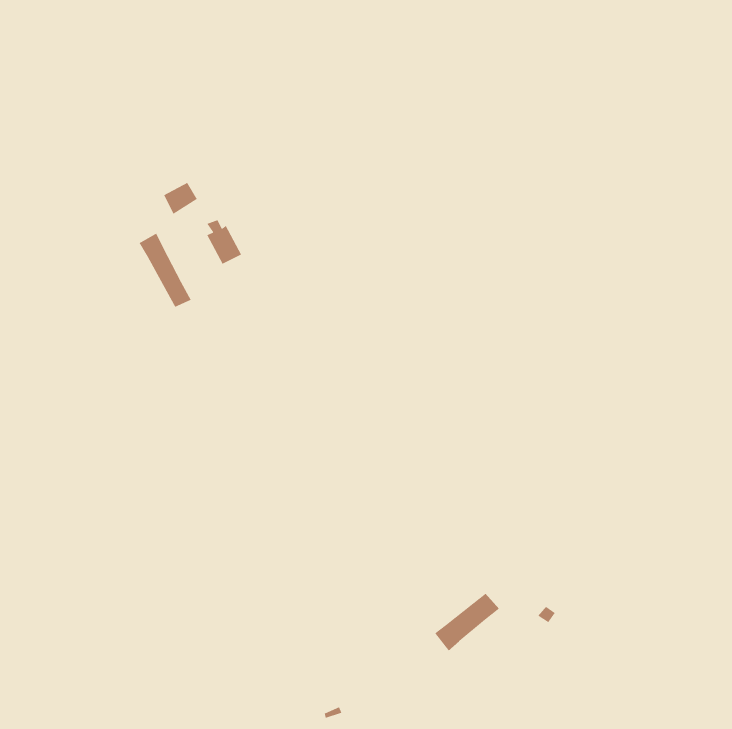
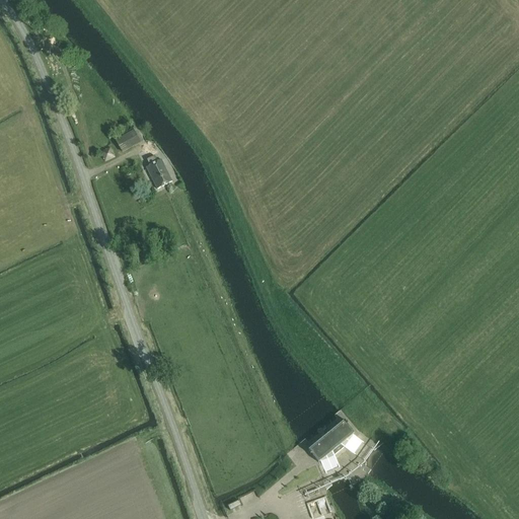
building: [139,232,192,308] -> none

